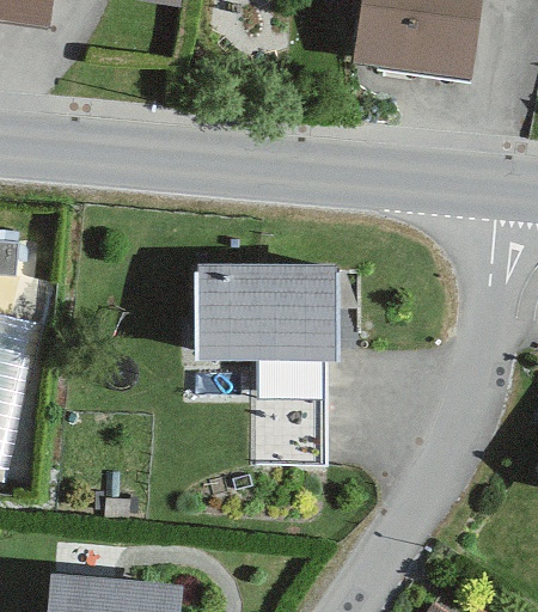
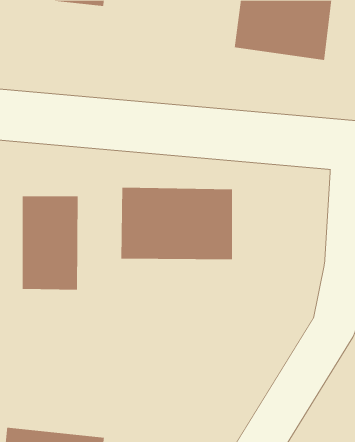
building: none -> [22,195,79,291]

